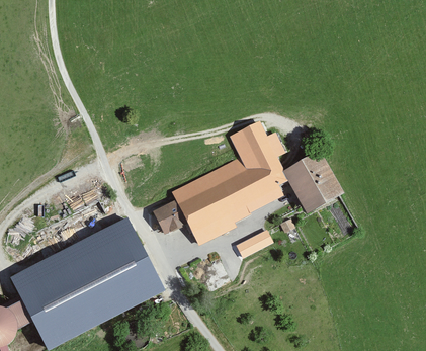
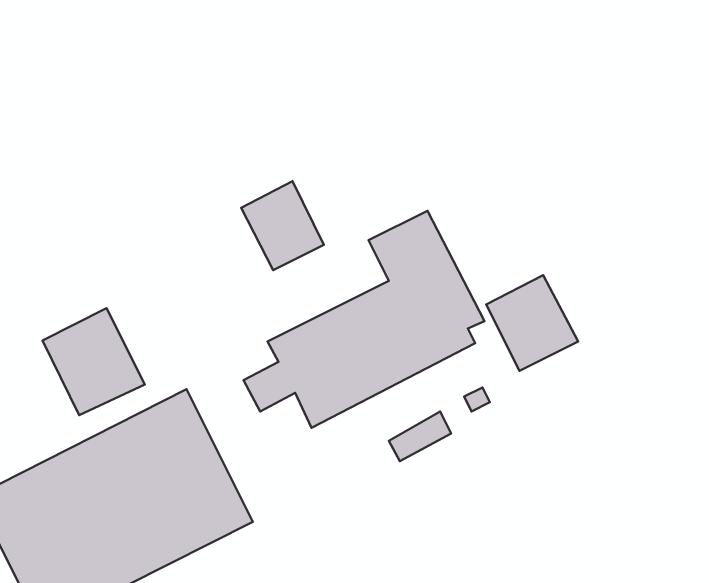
building: none -> [241,181,324,270]
building: none -> [43,308,145,415]

